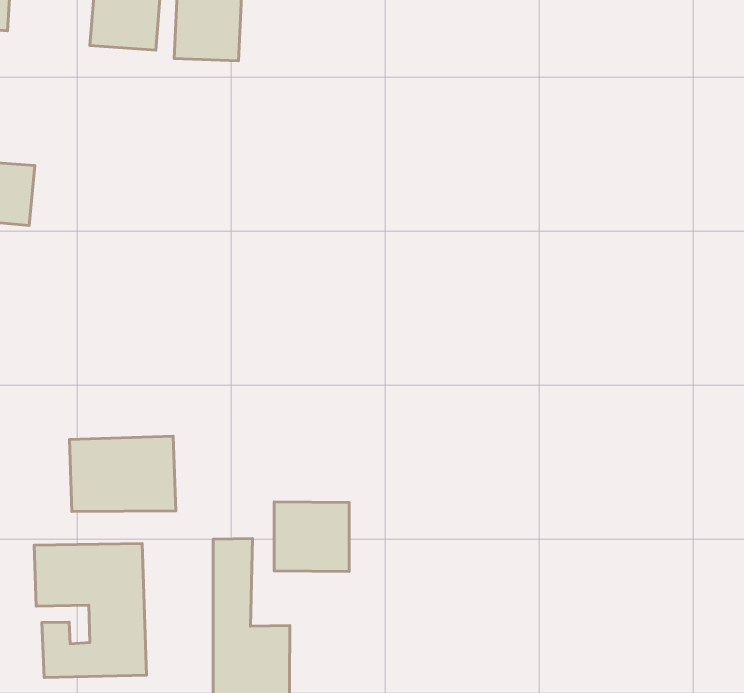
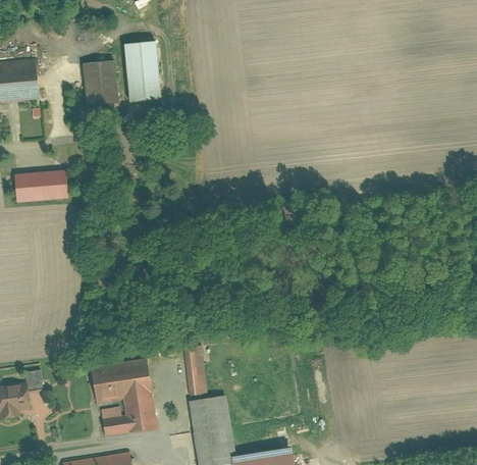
building: [69,436,176,511] -> none
building: [274,502,349,571] -> none

